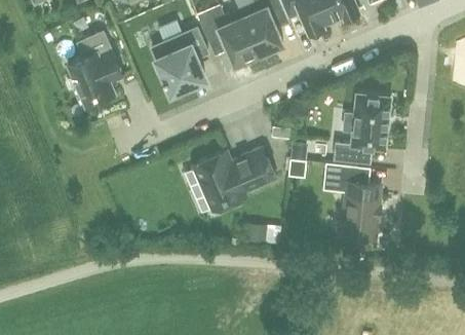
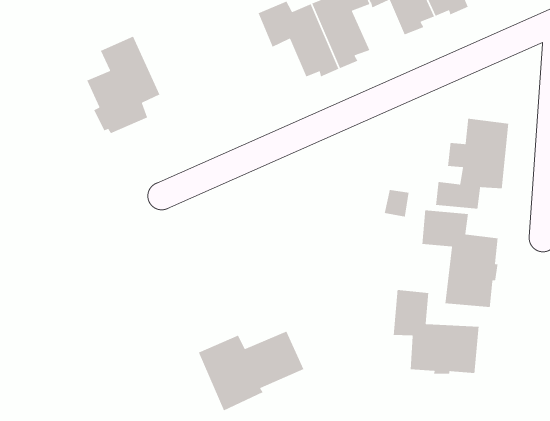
building: [152,28,208,97] -> none
building: [194,149,275,211] -> [198,330,304,411]
building: none -> [393,289,479,375]

